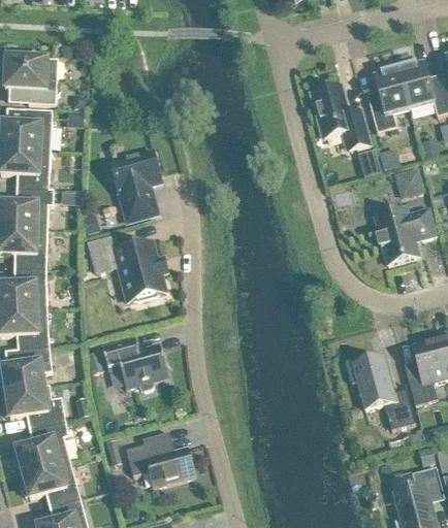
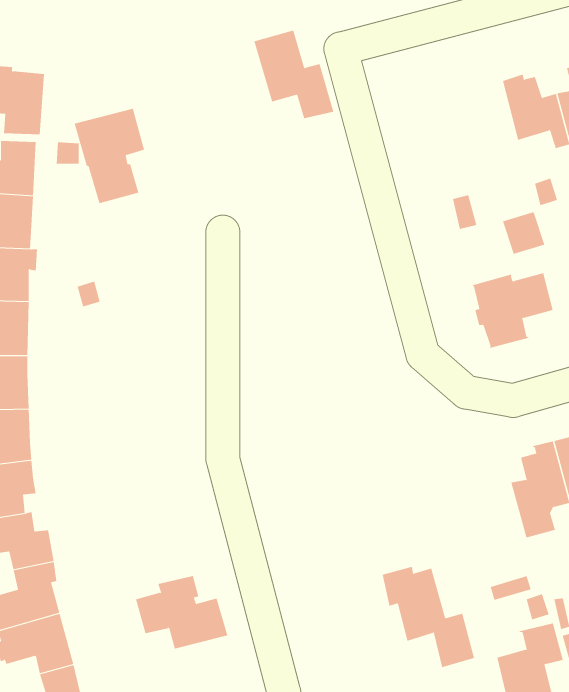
building: [366,64,409,131] -> none
building: [310,84,370,150] -> [254,30,334,119]
building: [108,150,161,221] -> [74,108,145,204]
building: [88,234,165,300] -> none
building: [101,339,167,390] -> none
building: [346,353,415,428] -> [382,566,475,668]

